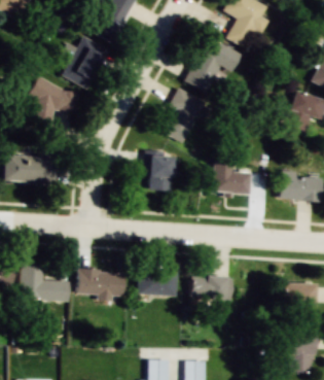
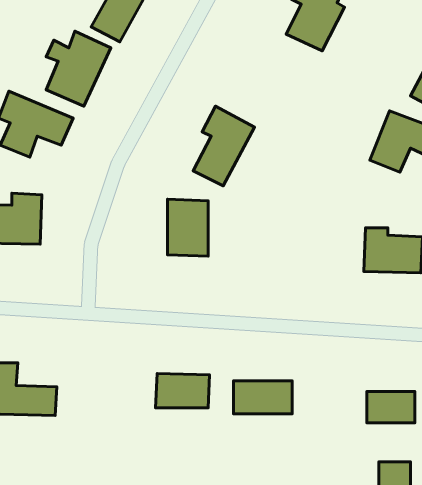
building: [185,37,240,93] -> none
building: [214,161,250,195] -> none
building: [78,269,124,298] -> none

